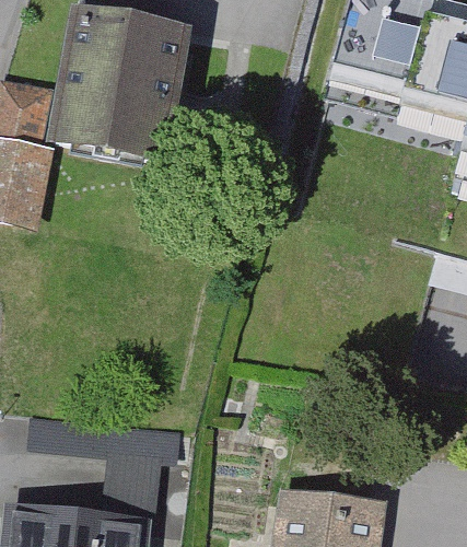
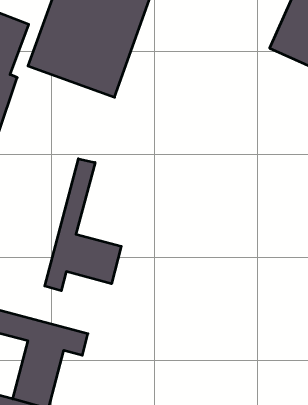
building: none -> [45,159,121,291]

